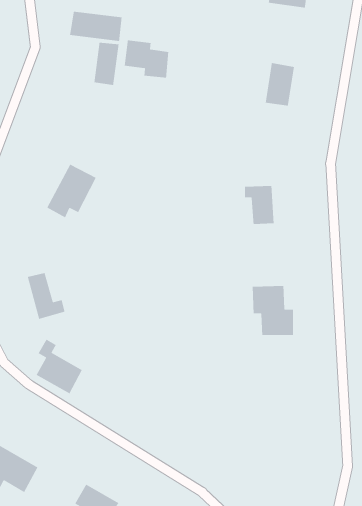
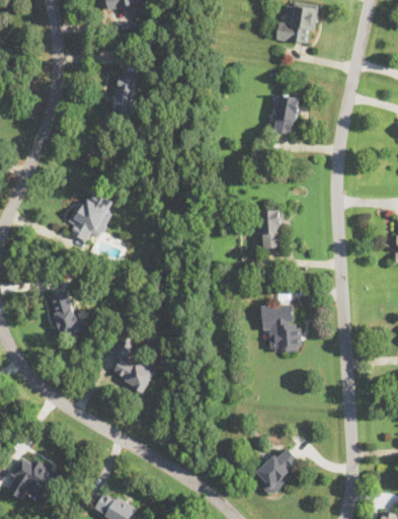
building: [69,11,123,42] -> none
building: [124,39,169,78] -> none
building: [35,339,83,395] -> [110,341,155,393]
building: none -> [252,446,297,496]

